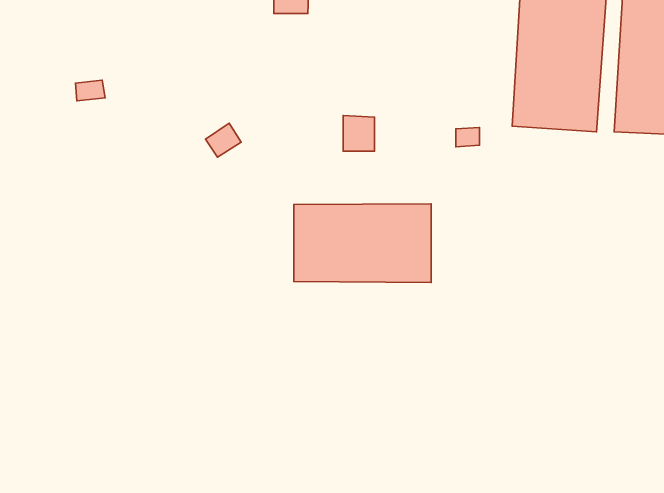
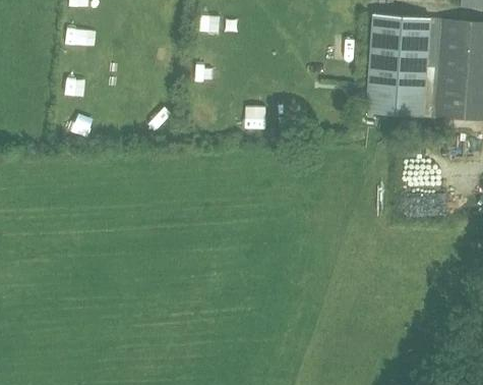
building: [294,204,431,283] -> none

